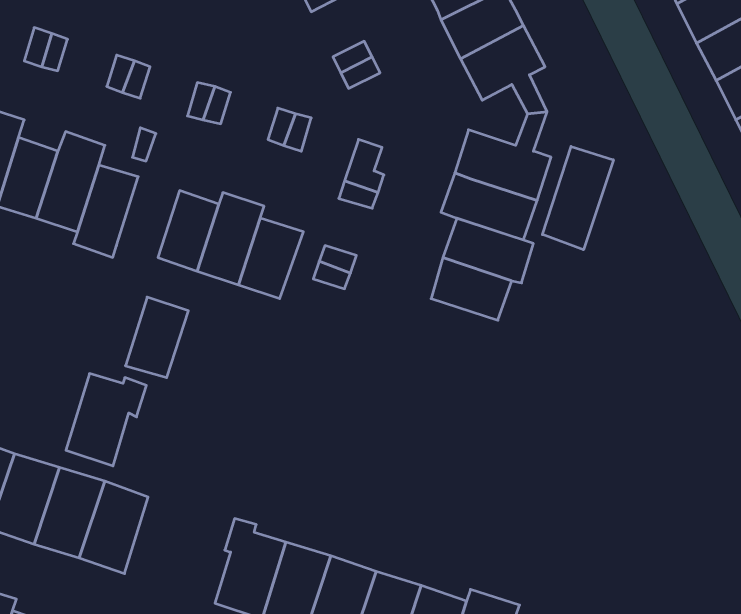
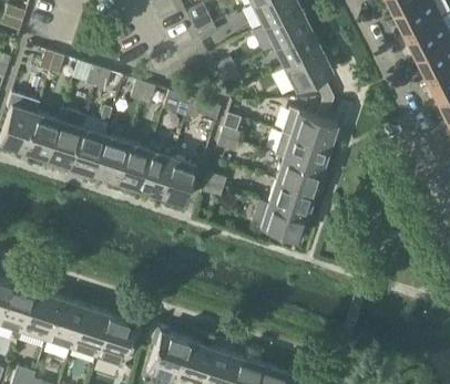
building: [542,146,613,250] -> none
building: none -> [250,201,305,240]
building: [125,297,188,378] -> [90,135,125,180]
building: [66,374,146,466] -> [94,315,140,367]

